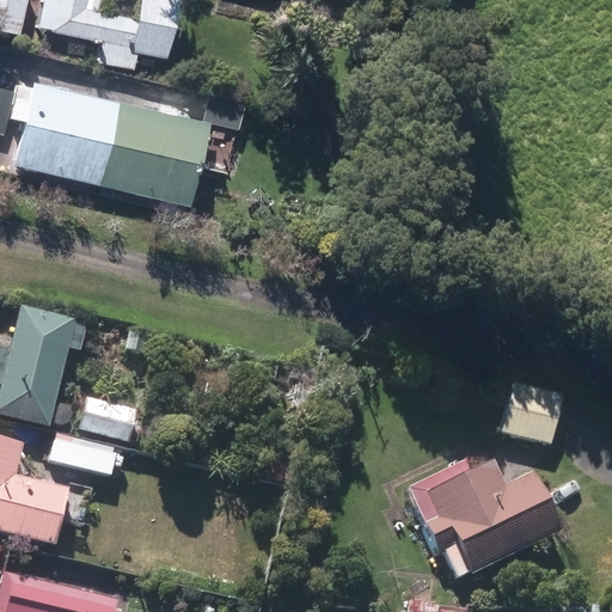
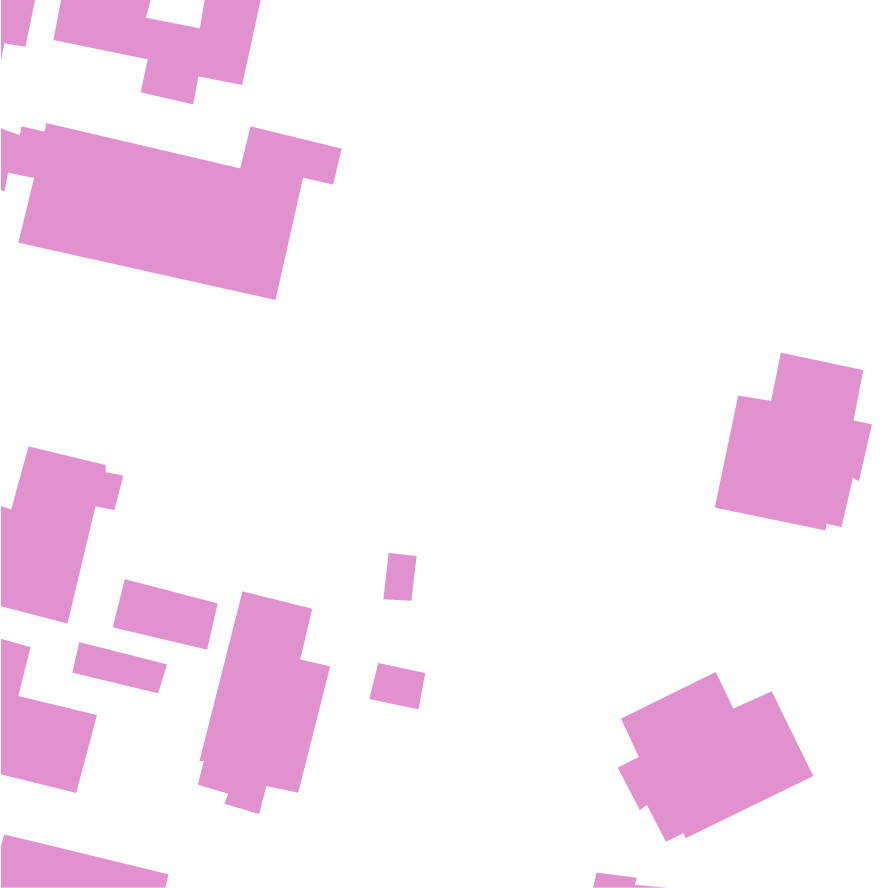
building: none -> [714,352,872,531]
building: [502,381,561,442] -> none
building: none -> [197,590,331,815]

